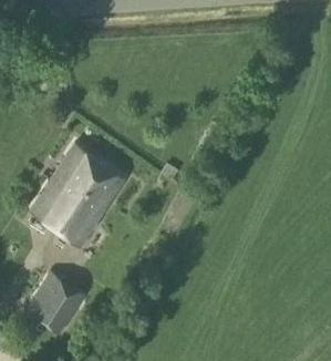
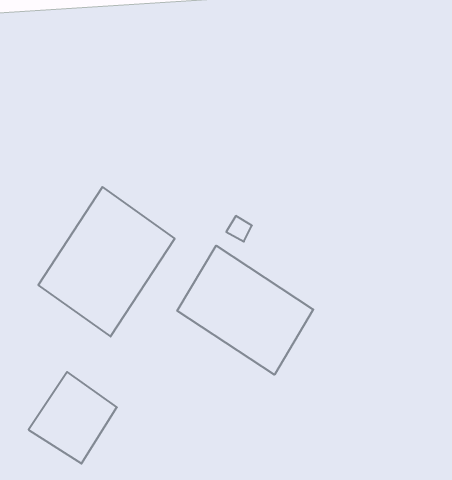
building: none -> [177,246,313,375]

